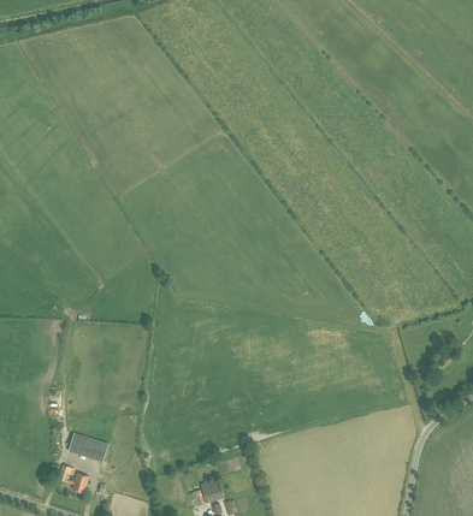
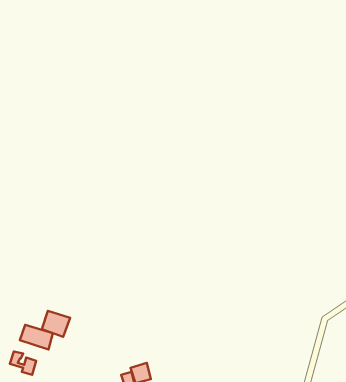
building: none -> [42,311,70,337]

